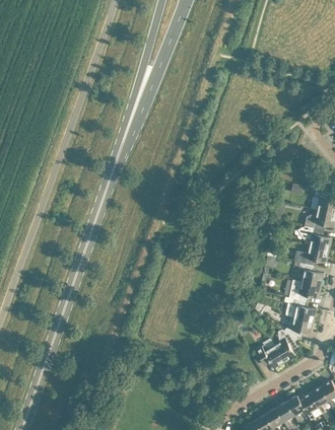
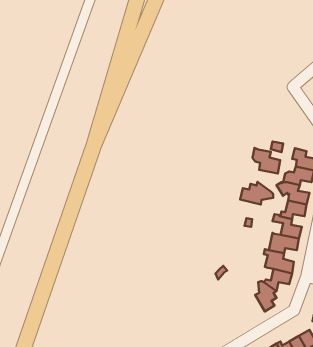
building: none -> [252,148,280,174]
building: none -> [240,182,273,204]
building: [255,344,284,368] -> none

